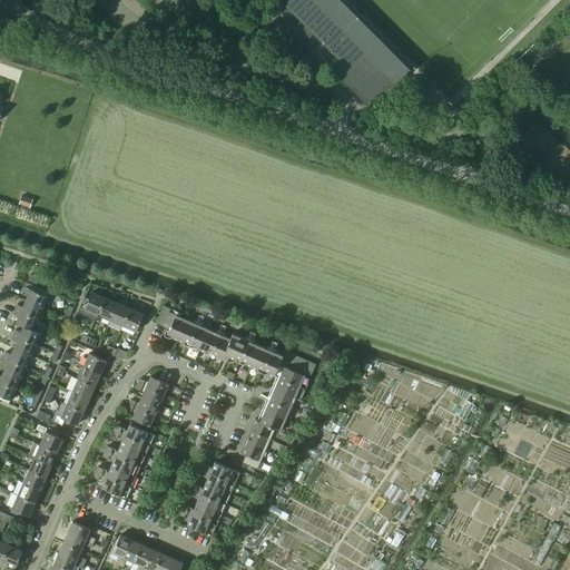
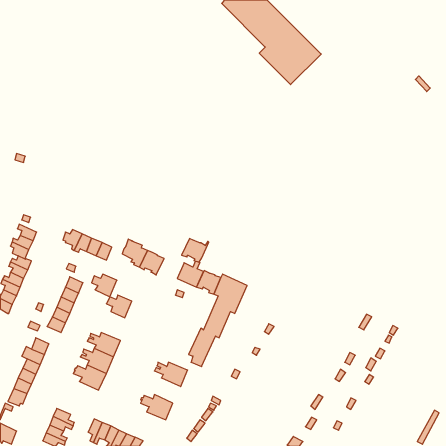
building: [199,330,234,360] -> [182,239,209,262]
building: [127,397,159,426] -> [92,274,117,297]
building: [188,482,230,514] -> none

